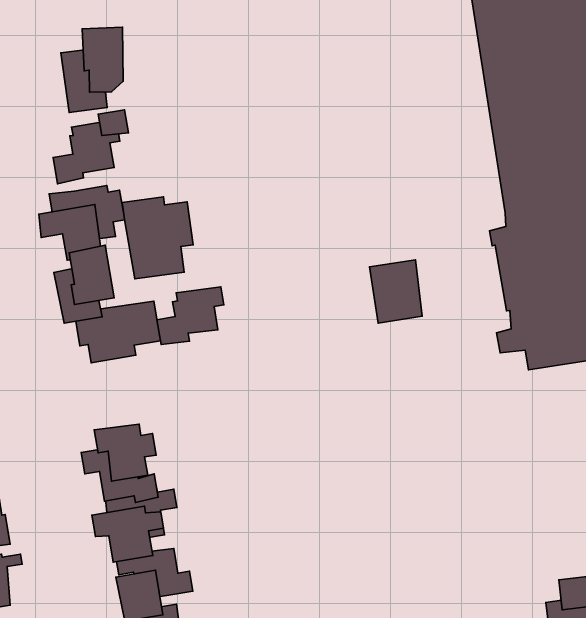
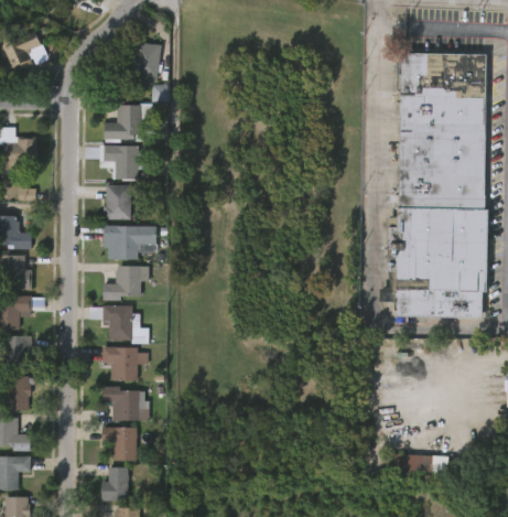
building: [122,197,193,279] -> none
building: [370,260,422,323] -> none
building: [157,287,224,344] -> [106,266,151,299]

